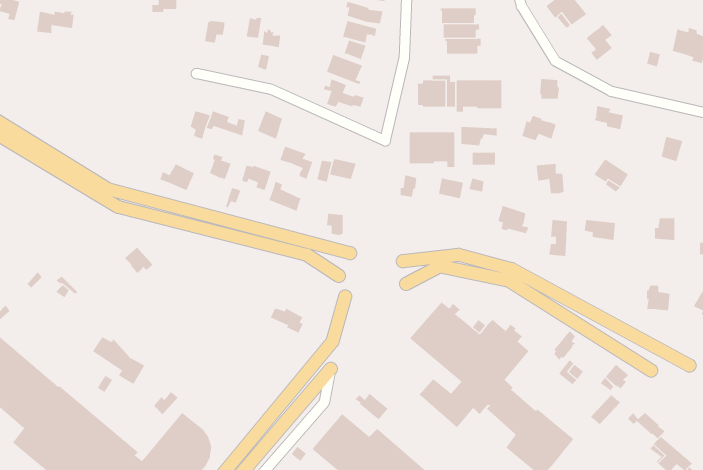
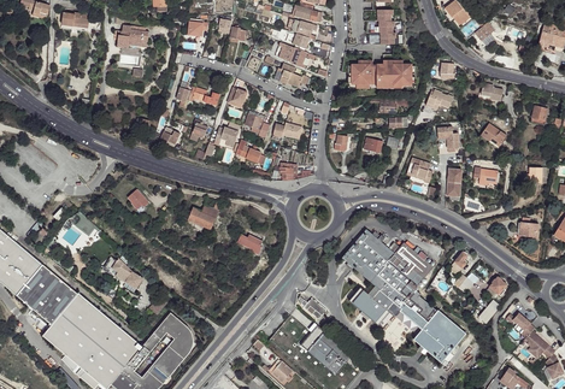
building: none -> [117,25,149,48]
building: [409,132,455,168] -> none
building: none -> [183,200,223,229]

